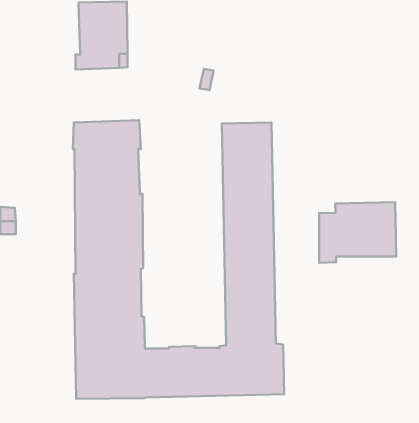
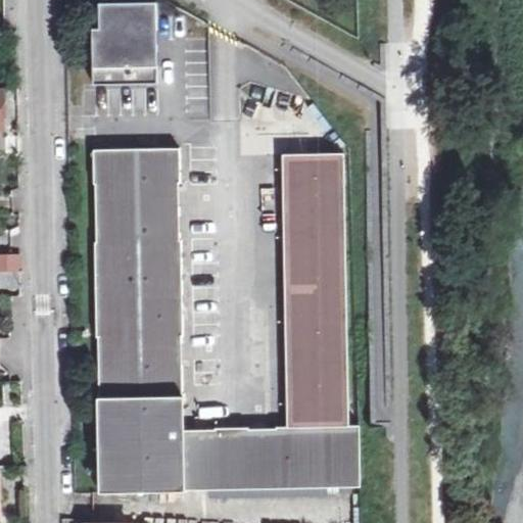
building: [319,202,396,263] -> none

